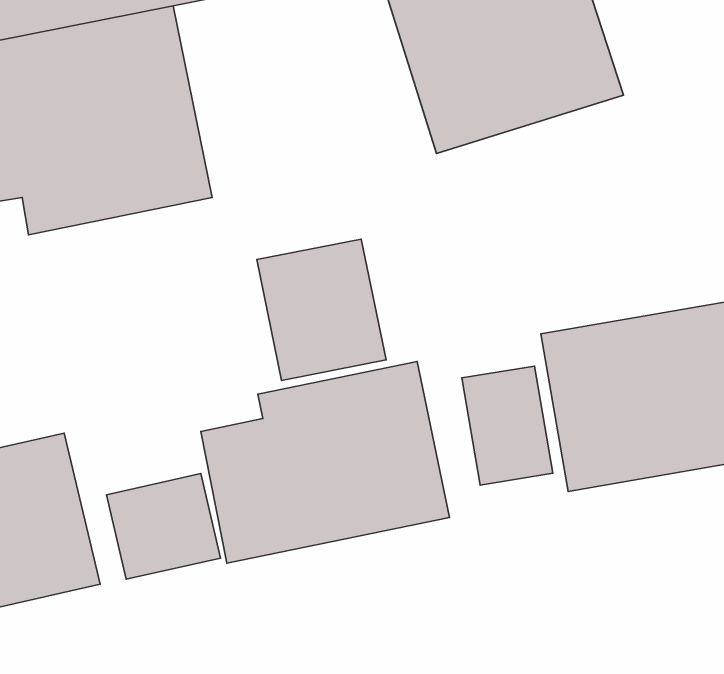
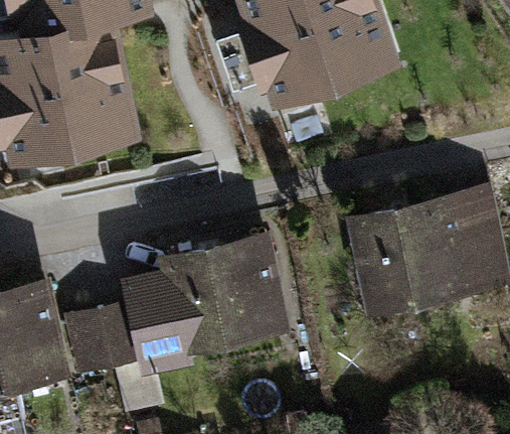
building: [257,239,386,381] -> none
building: [462,366,553,485] -> none

